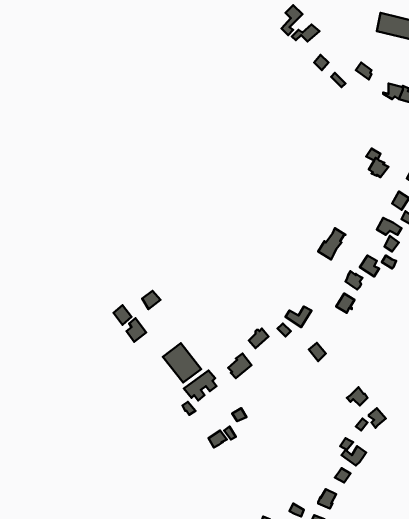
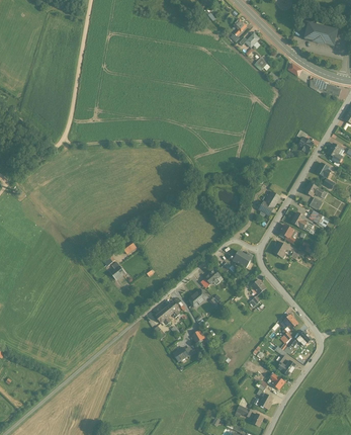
building: [163,343,201,383] -> none

